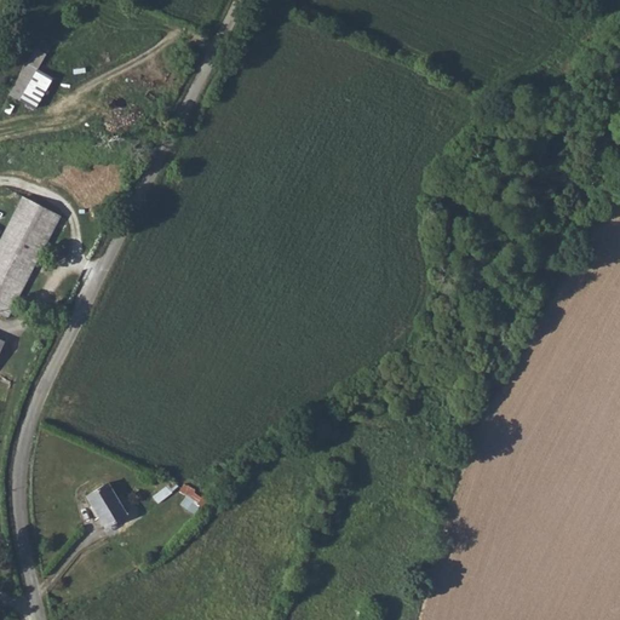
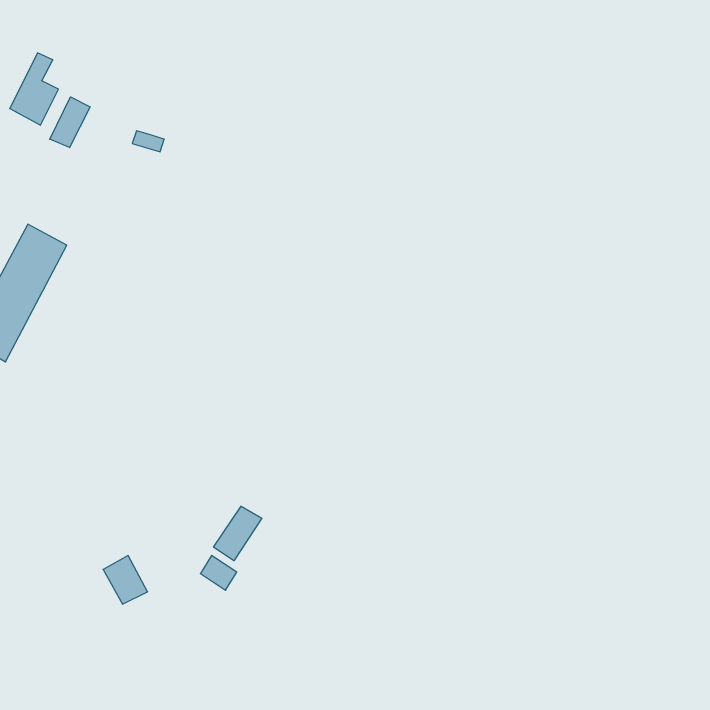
building: none -> [50,97,90,148]
building: none -> [214,506,262,561]

